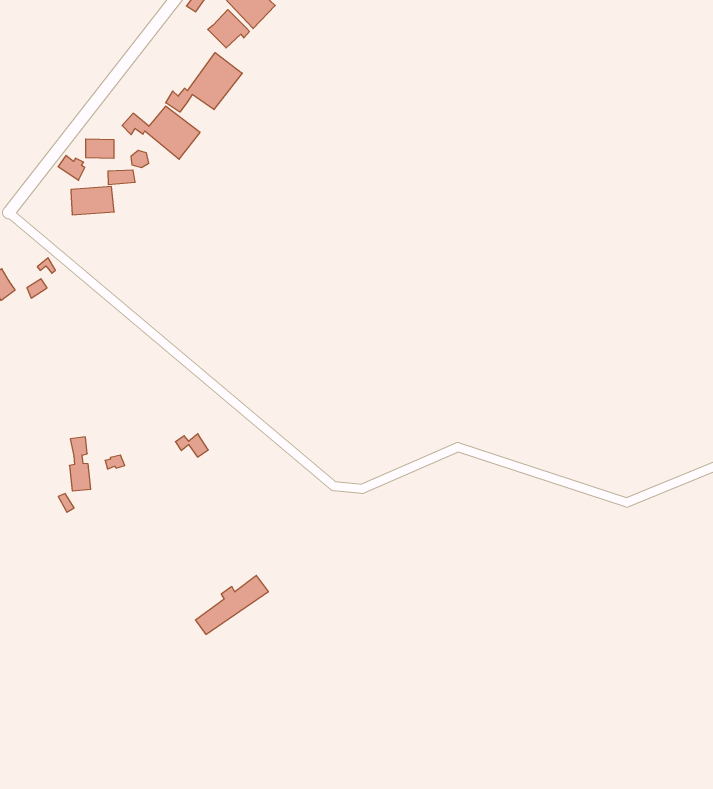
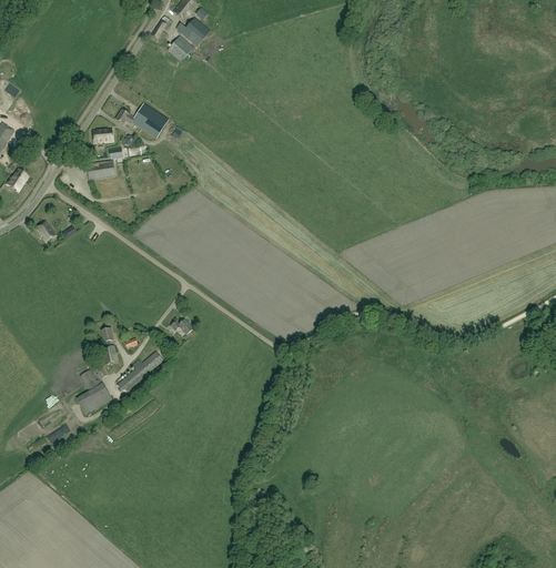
building: [166,53,242,112] -> none
building: none -> [77,369,112,414]
building: [195,575,268,634] -> [118,351,164,393]

